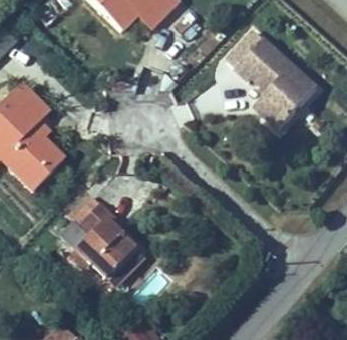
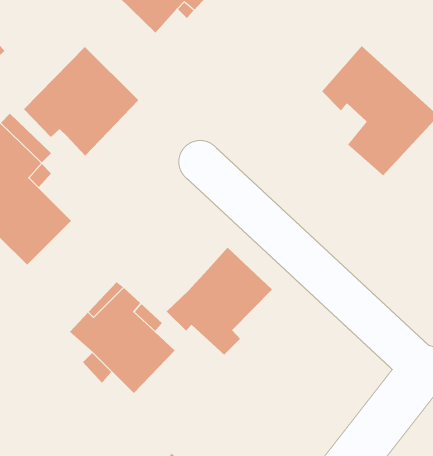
building: none -> [23,46,139,156]
building: none -> [166,247,273,355]

